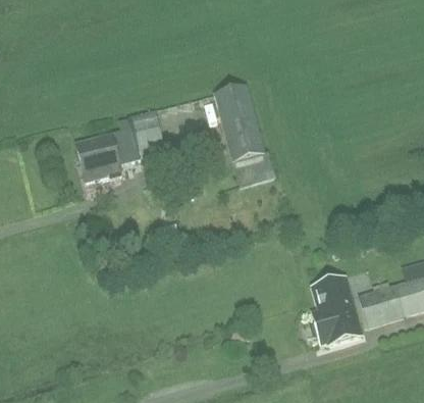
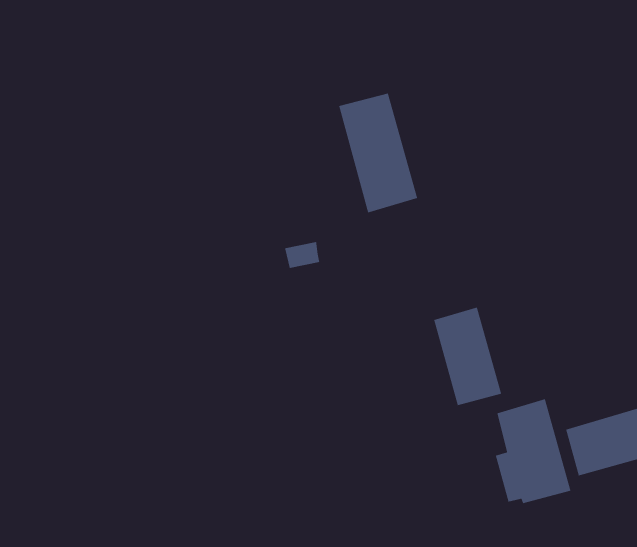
building: [76,110,165,182] -> none
building: none -> [433,306,502,406]

